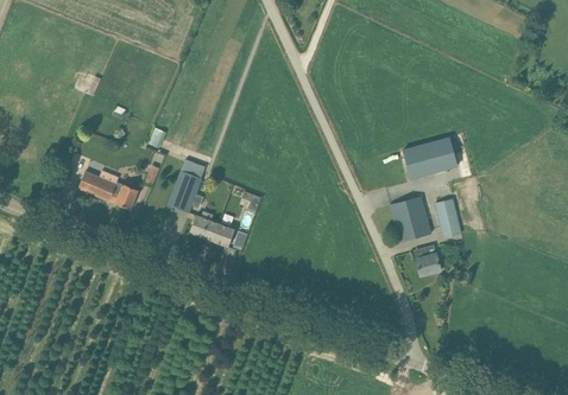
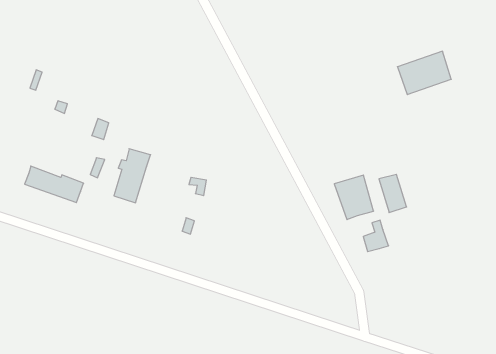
building: [403,136,456,178] -> [397,51,451,95]
building: [189,211,234,246] -> none

